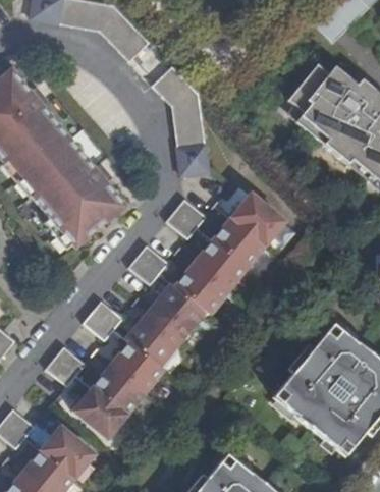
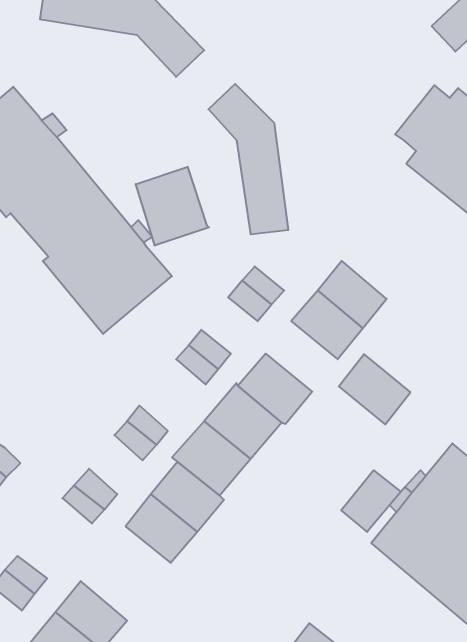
building: none -> [136,167,209,246]
building: [195,237,247,288] -> [339,354,410,424]
building: none -> [341,470,401,532]
building: [73,386,125,436] -> none

